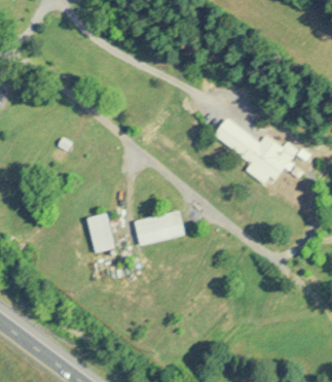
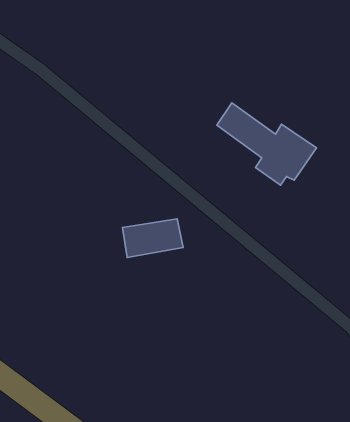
building: [87,213,115,253] -> none

